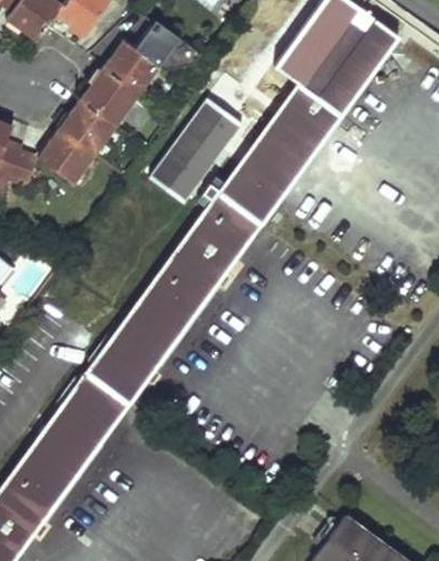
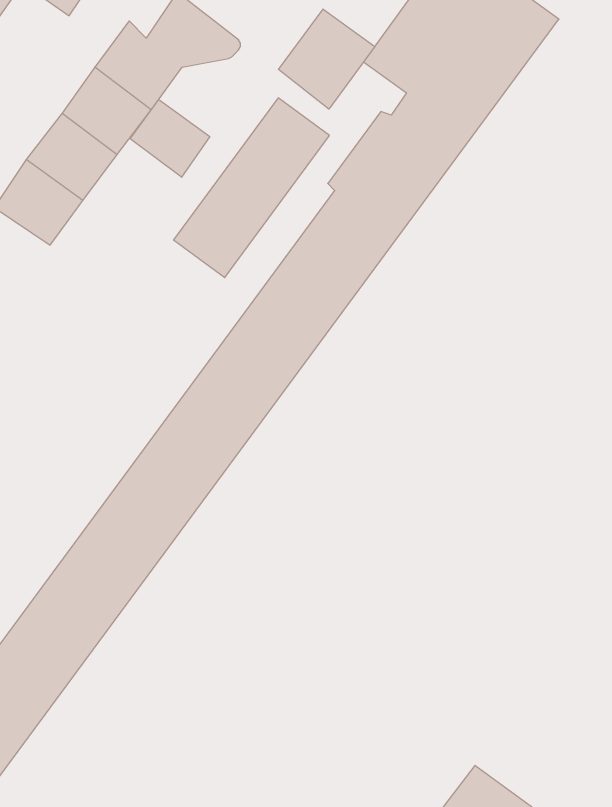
building: none -> [278,9,375,109]
building: none -> [130,100,210,177]

